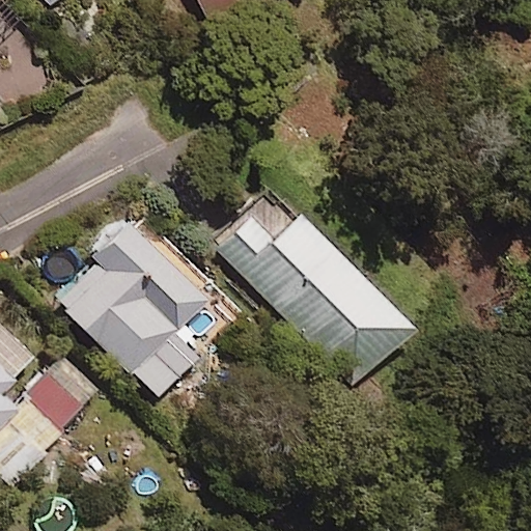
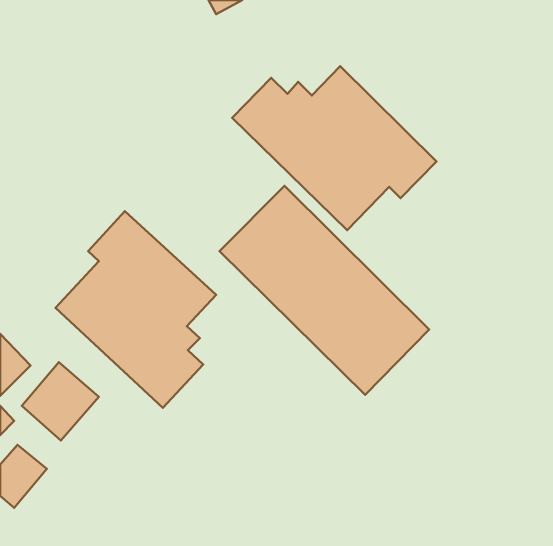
building: none -> [232,66,437,230]

